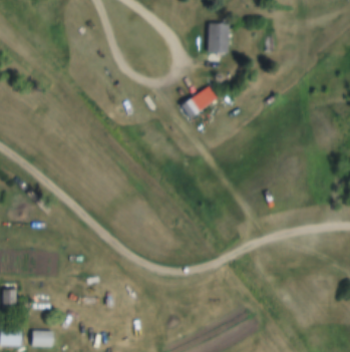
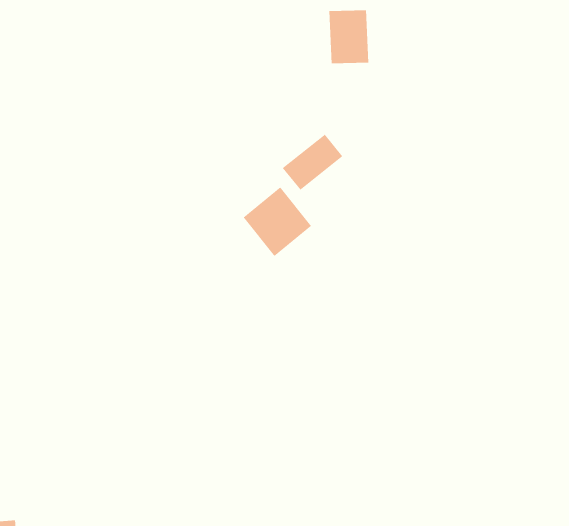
building: none -> [243,187,312,257]

